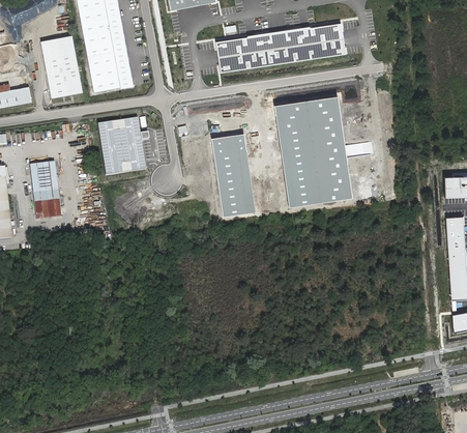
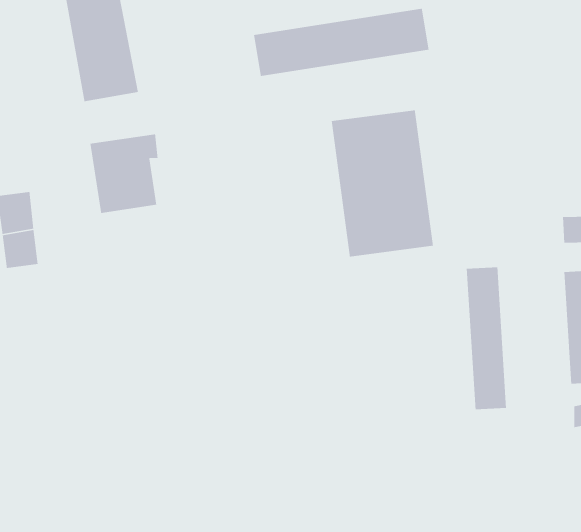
building: [38,36,79,97] -> none
building: [210,133,255,215] -> none
building: none -> [466,266,507,410]

